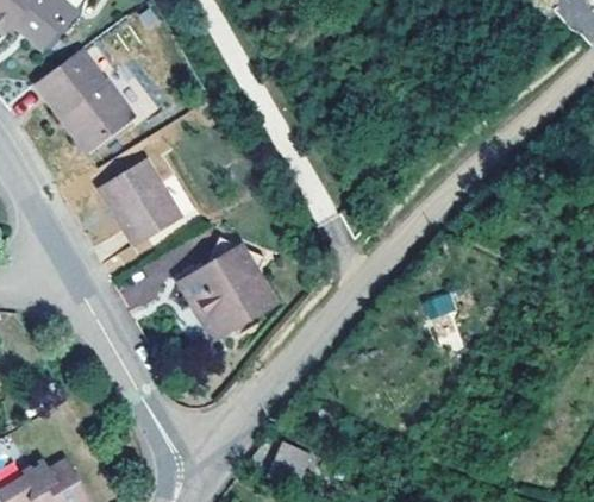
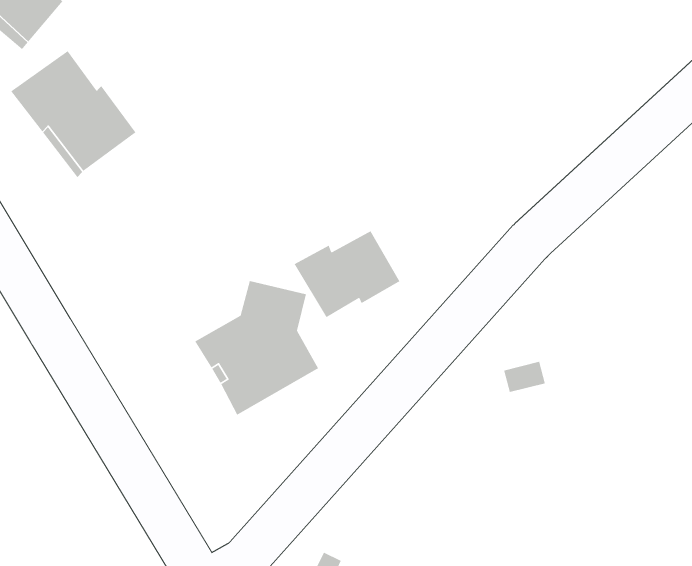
building: [102,157,181,240] -> none
building: none -> [294,230,400,318]

